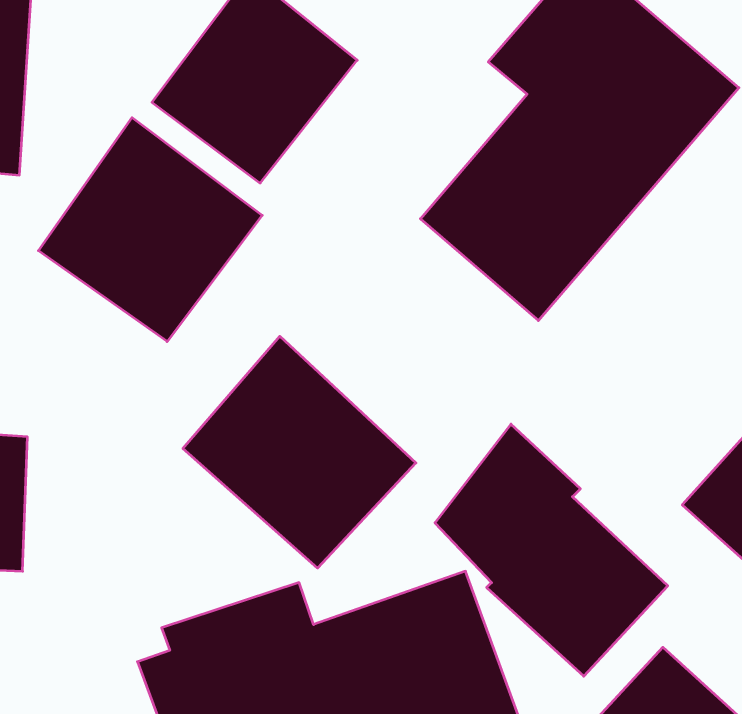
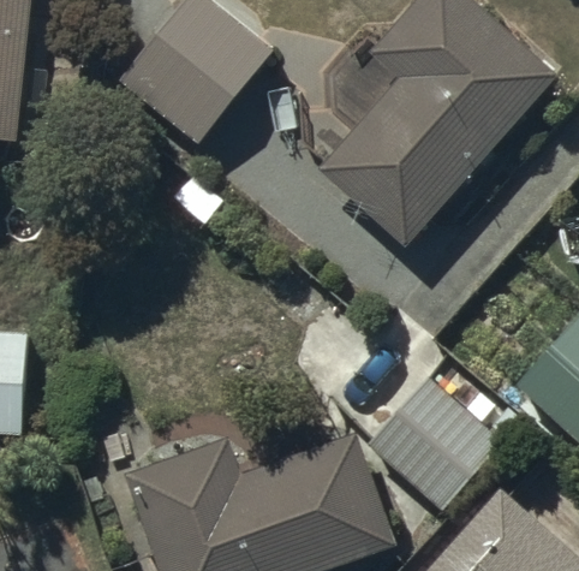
building: [38,118,262,342] -> none
building: [183,336,416,568] -> none

